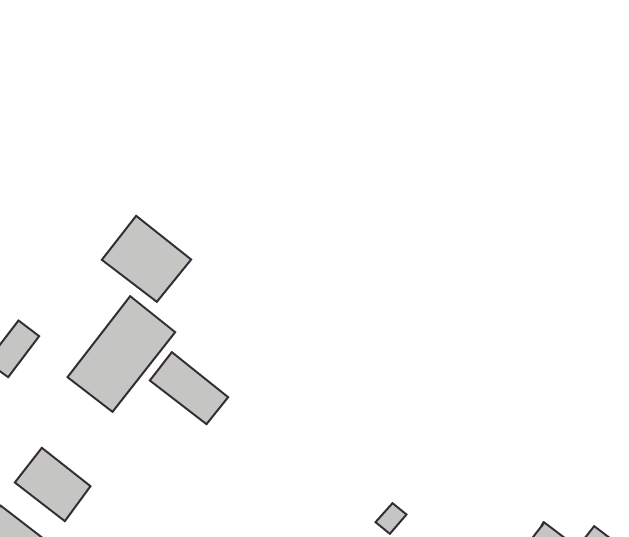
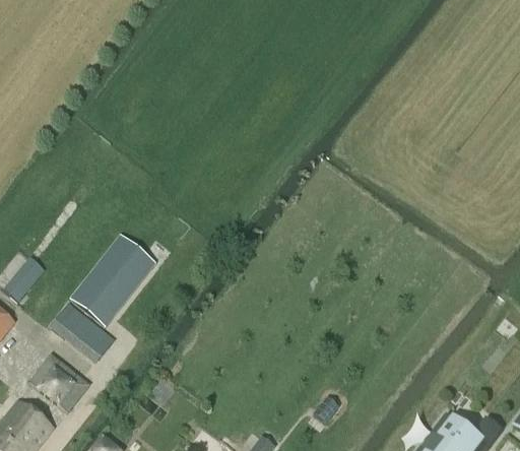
building: [102,216,191,302] -> none
building: [150,352,228,424] -> [51,305,113,362]

